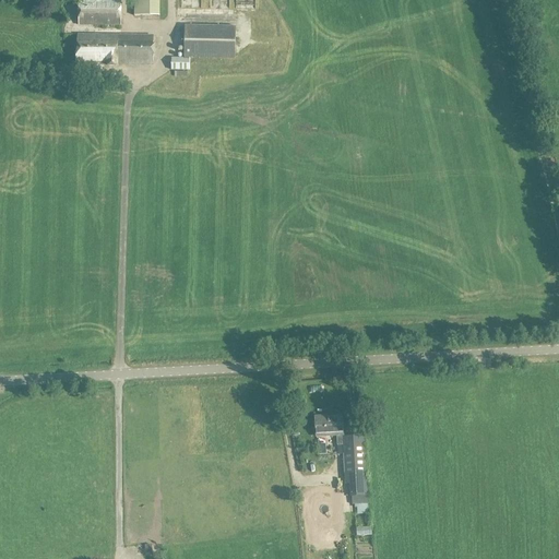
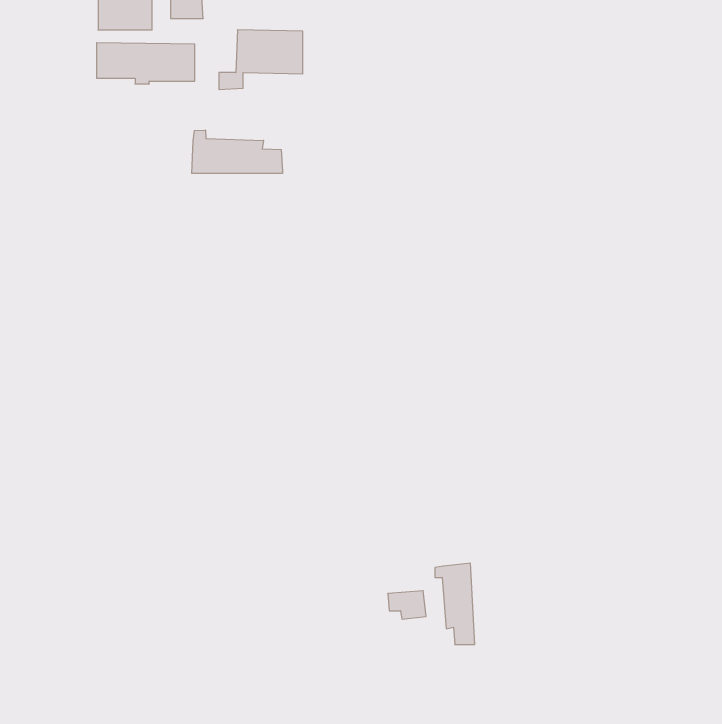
building: none -> [192,130,282,173]
building: [311,413,341,435] -> [388,591,426,619]

